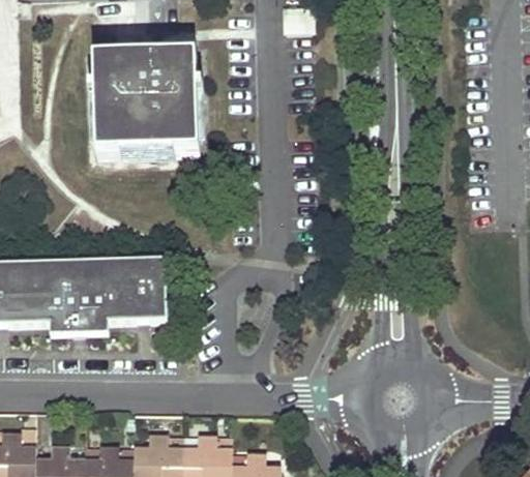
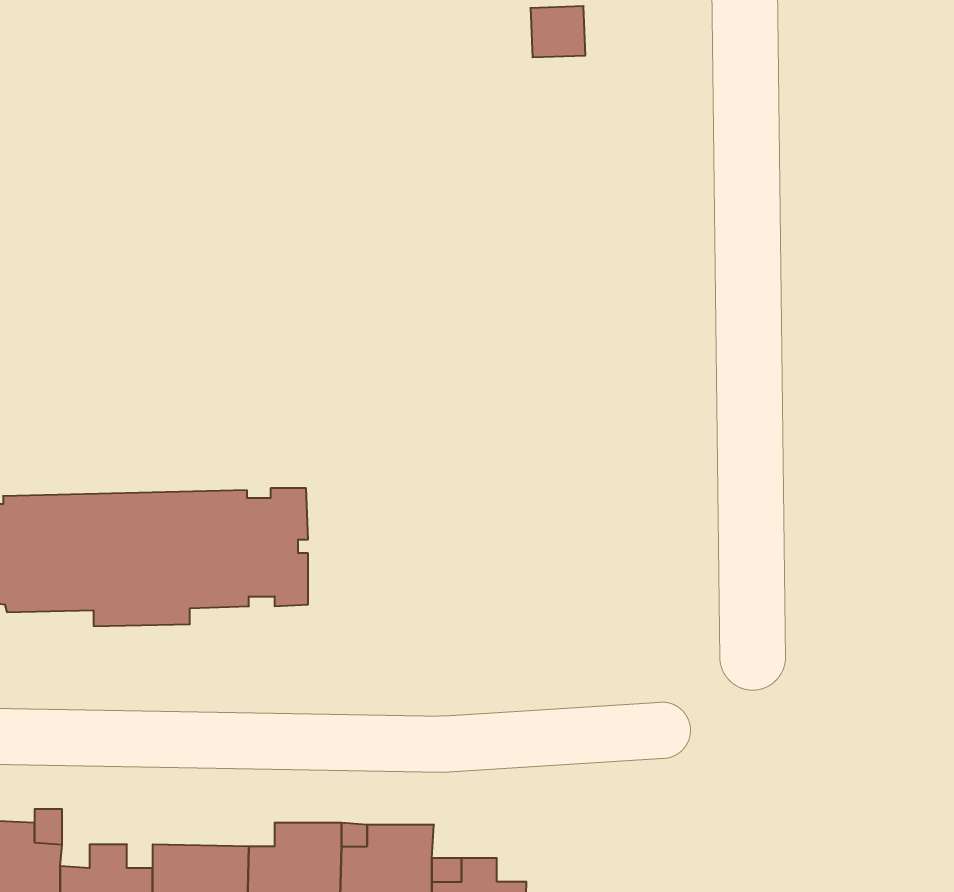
building: [93,56,198,156] -> none

